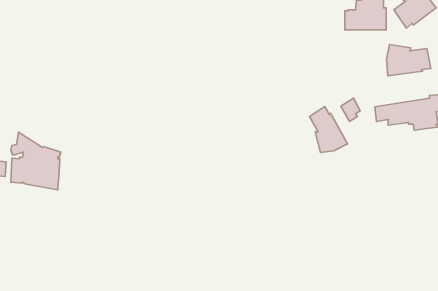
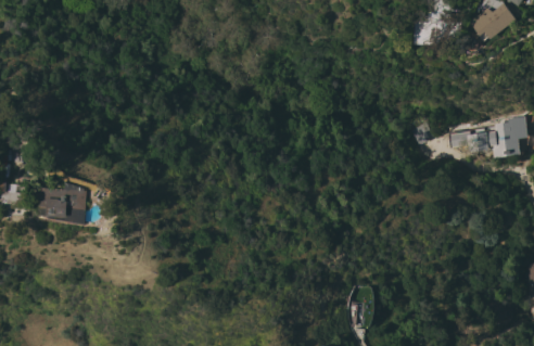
building: [386,45,431,76] -> none
building: [310,107,348,152] -> none

